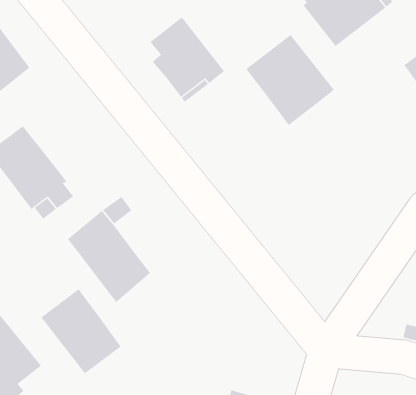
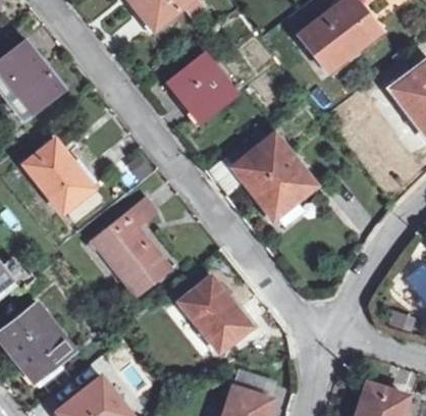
building: [246,34,335,126] -> [235,136,314,216]
building: [40,288,122,374] -> [179,276,251,352]

